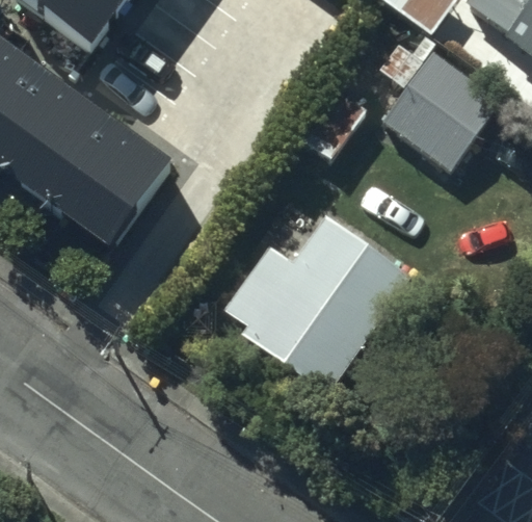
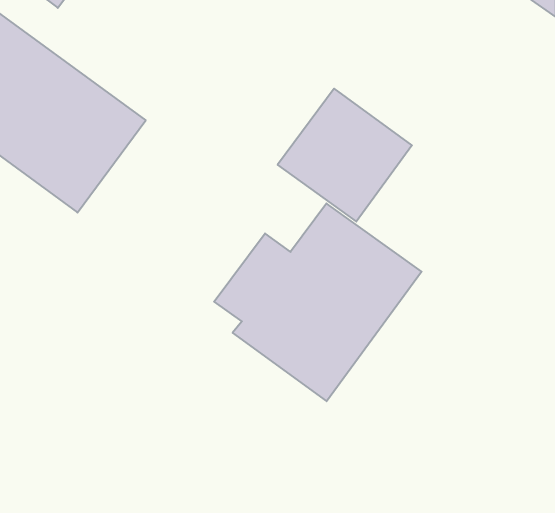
building: [382,56,503,176] -> [278,89,412,222]

